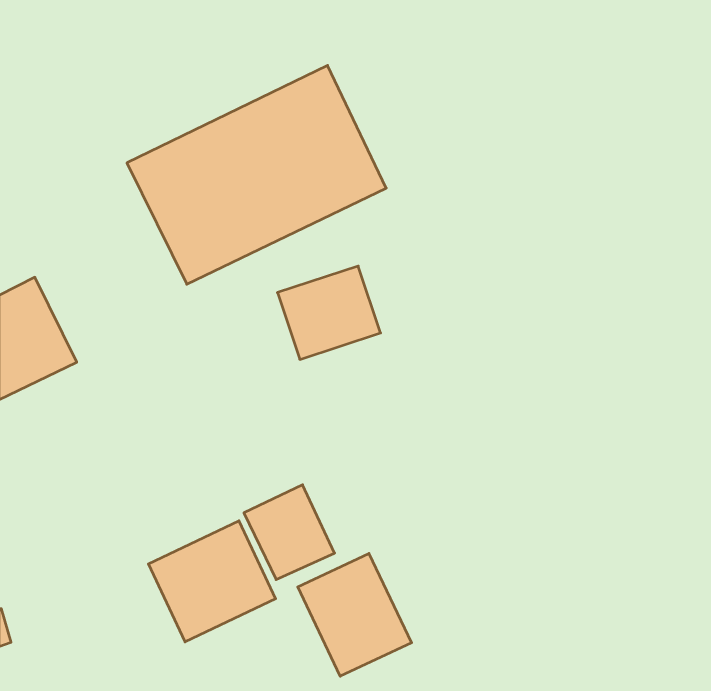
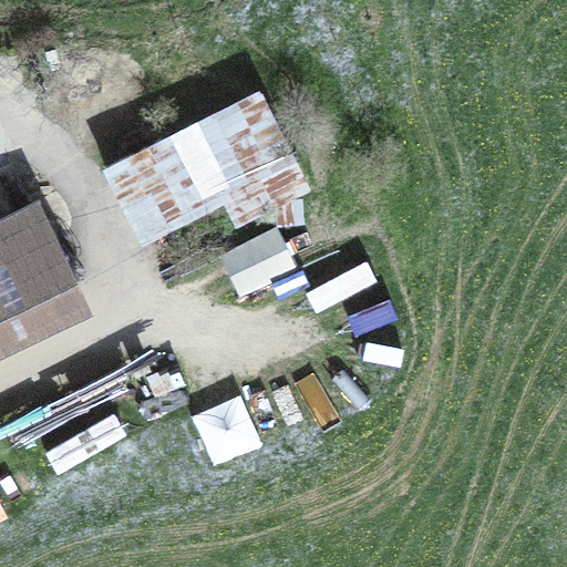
building: [148,521,276,642] -> none
building: [298,553,412,676] -> none

